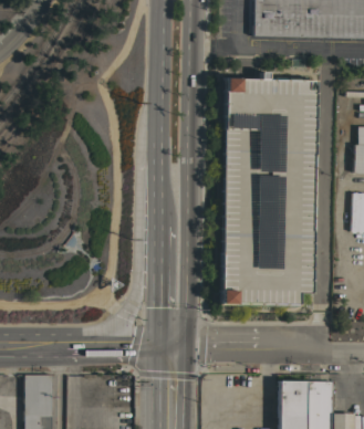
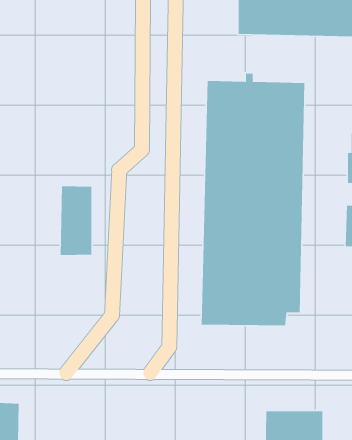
building: none -> [60,185,92,256]

